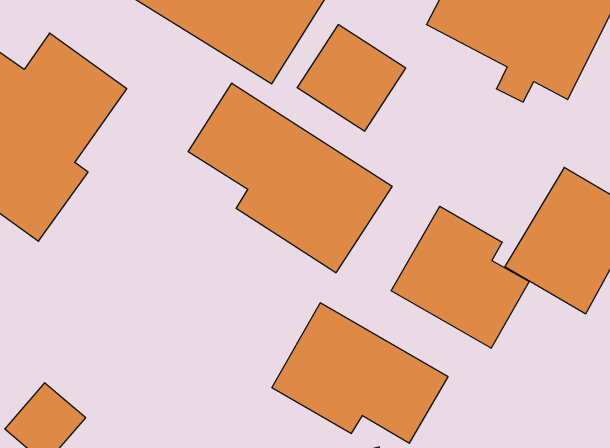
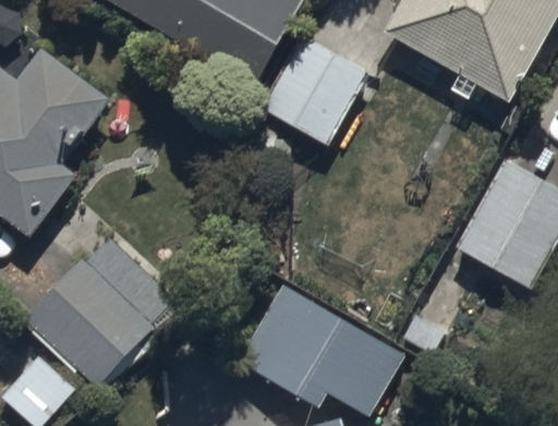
building: [188,83,392,273] -> none
building: [391,206,529,348] -> none
building: none -> [24,233,177,388]

